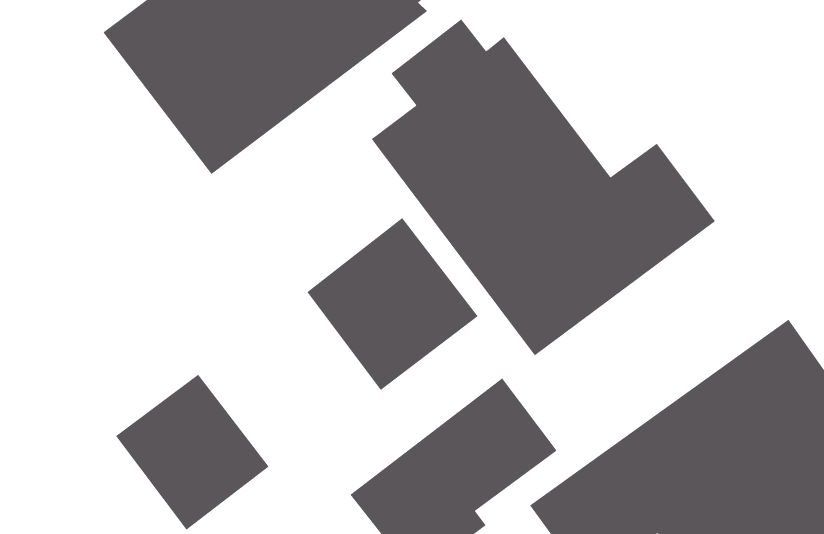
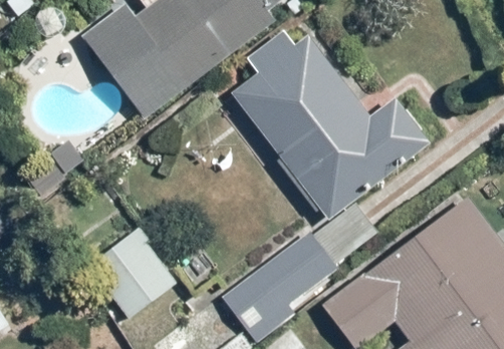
building: [306,217,479,391] -> none

